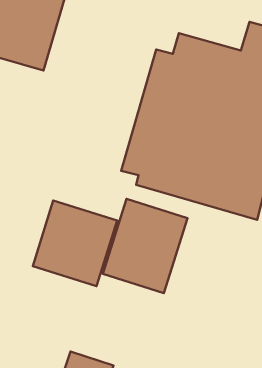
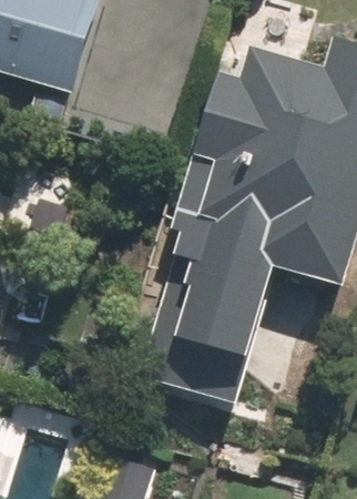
building: [33,200,117,286] -> none

